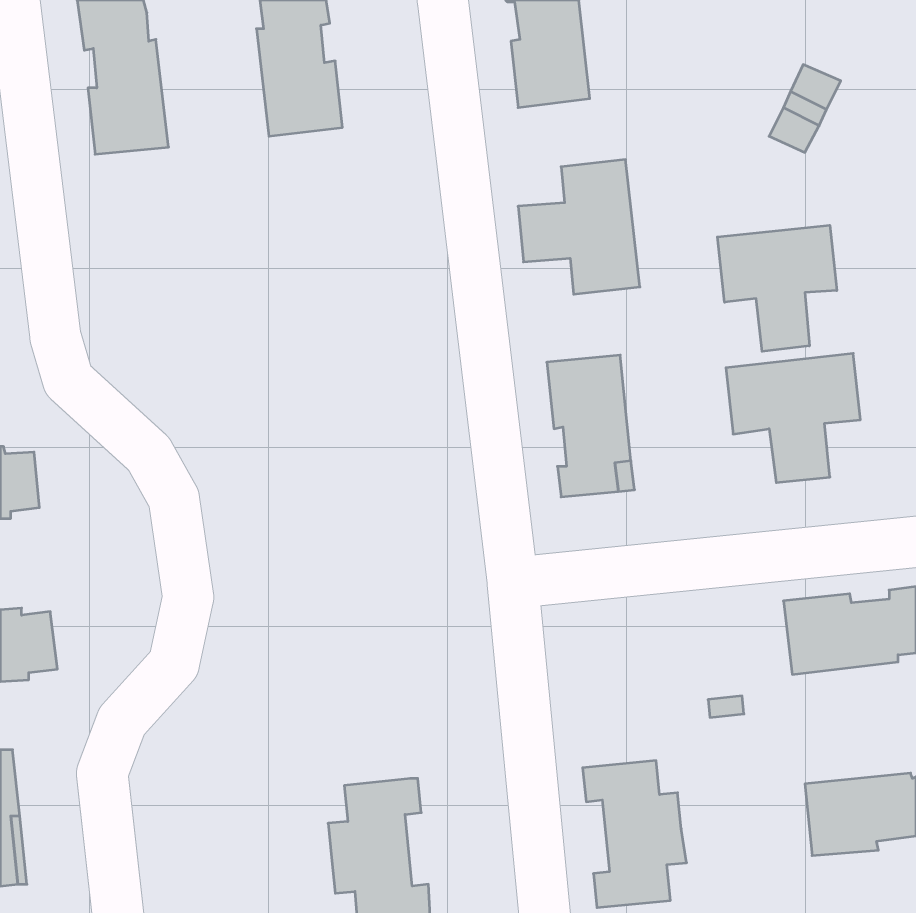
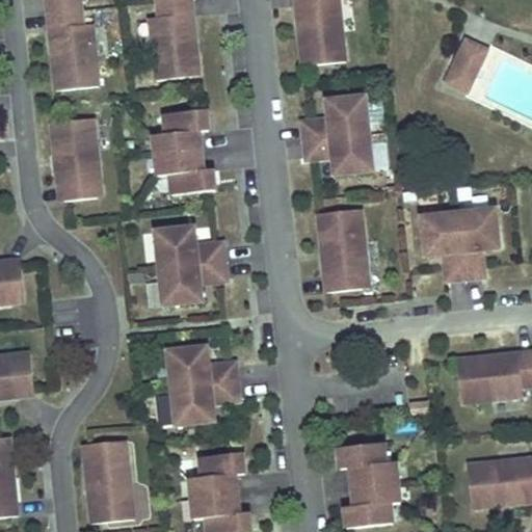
building: none -> [155,109,215,195]
building: none -> [51,119,99,202]
building: [717,225,837,351] -> none
building: none -> [155,228,230,305]
building: none -> [167,347,242,425]
building: none -> [84,442,133,524]

